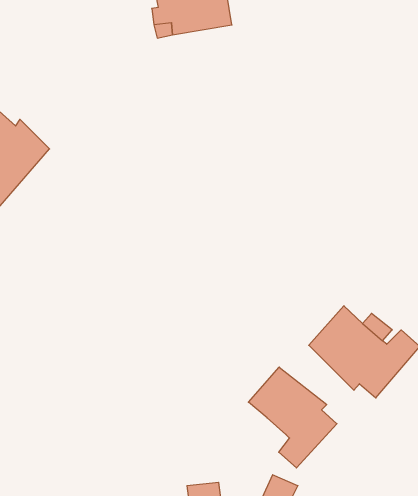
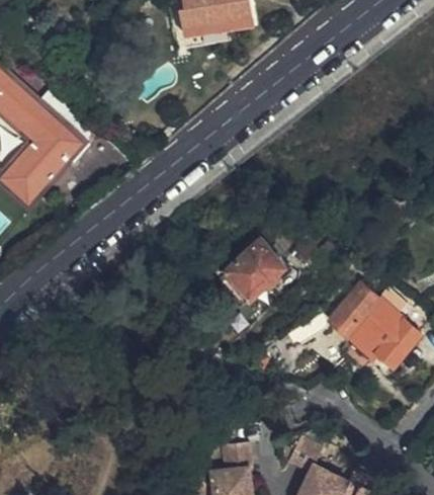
building: none -> [225,242,283,300]
building: [248,367,337,468] -> none

